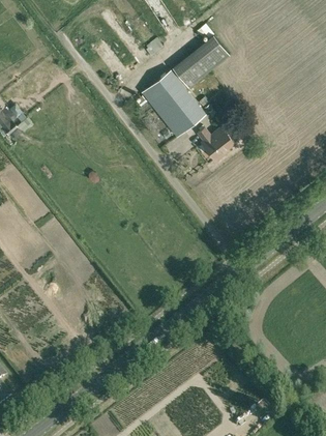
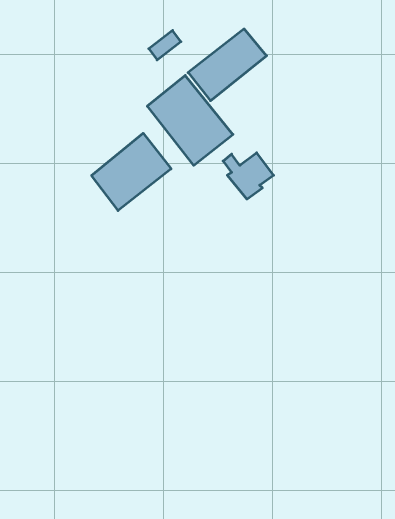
building: none -> [92,133,171,211]

